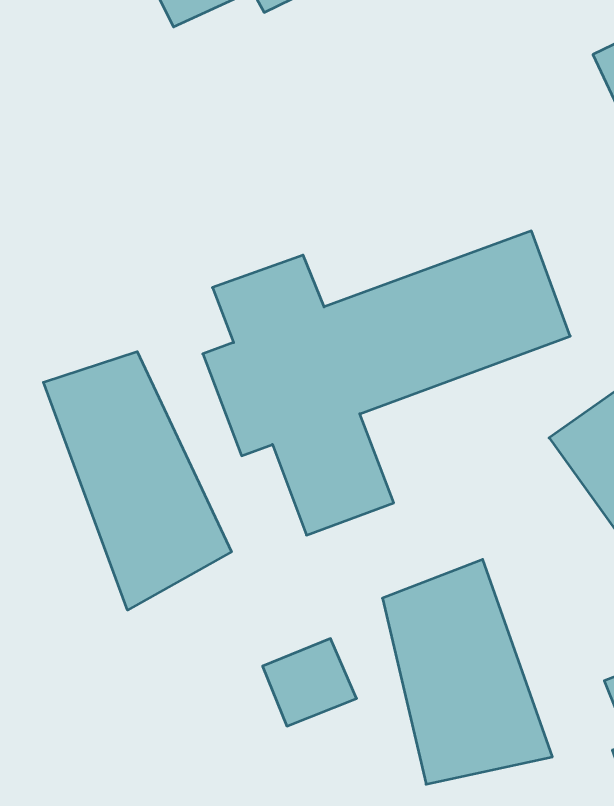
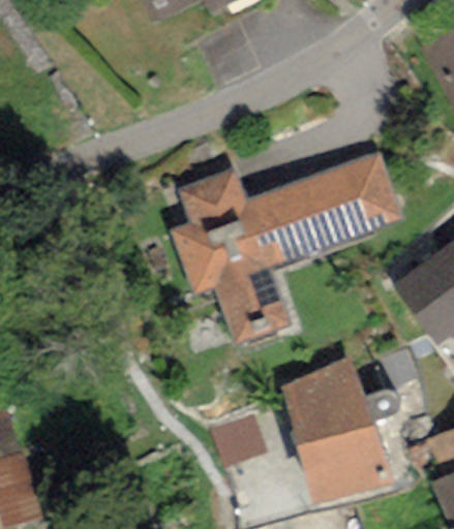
building: [43,352,231,610] -> none

